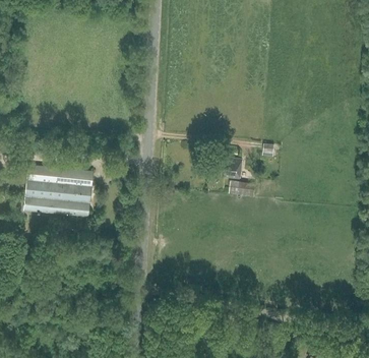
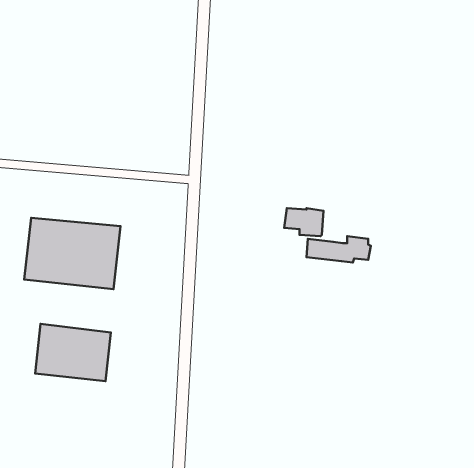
building: none -> [35,324,111,381]

